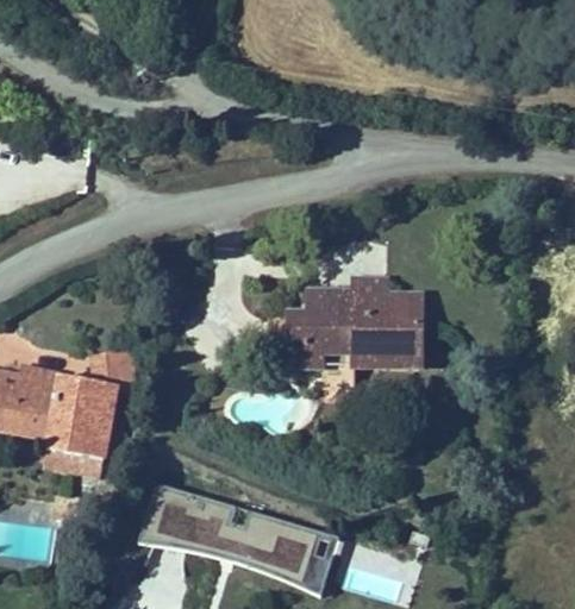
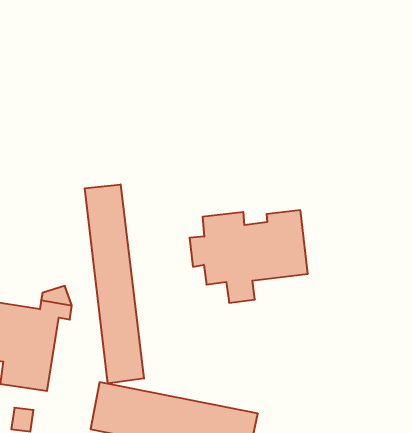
building: none -> [85,184,144,384]

